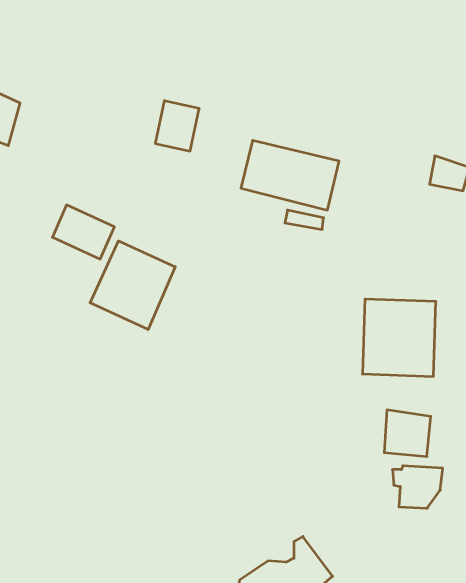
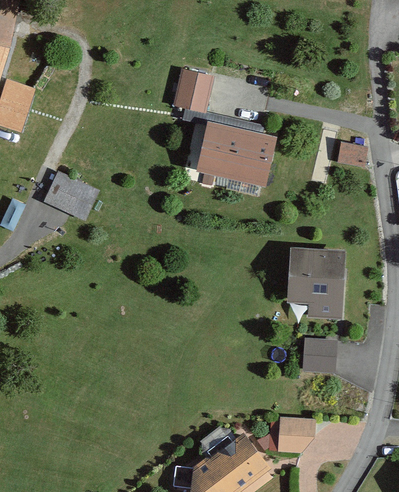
building: [155,101,199,151] -> [176,70,210,109]
building: [90,241,175,330] -> none
building: [392,466,443,508] -> [273,420,312,453]

